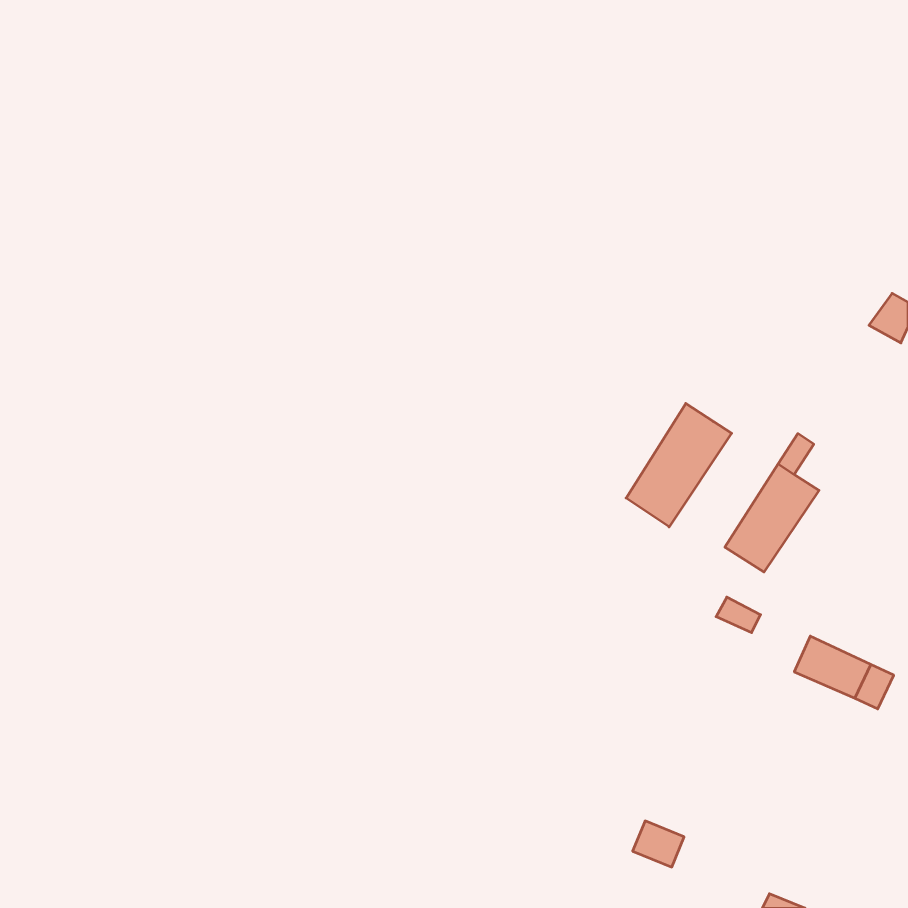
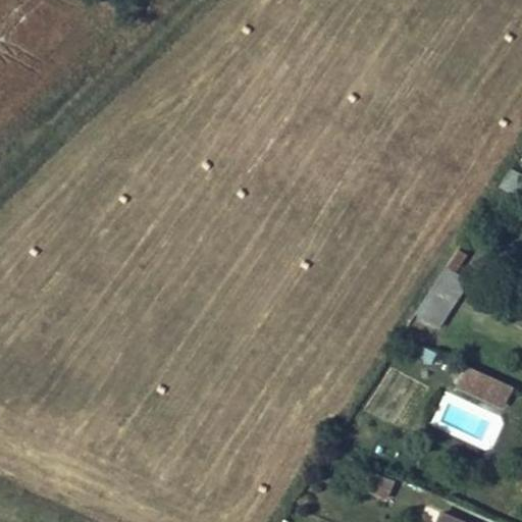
building: [626,403,732,527] -> none

